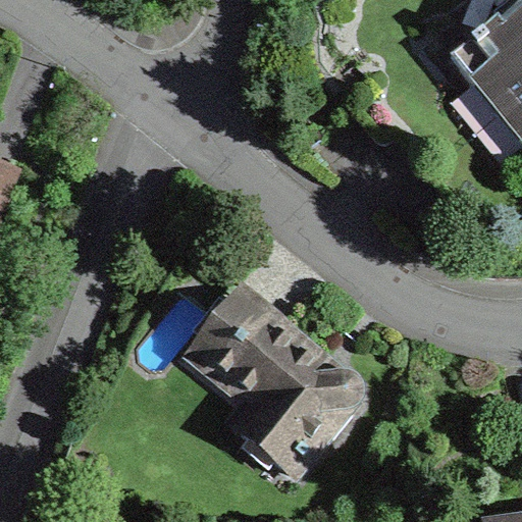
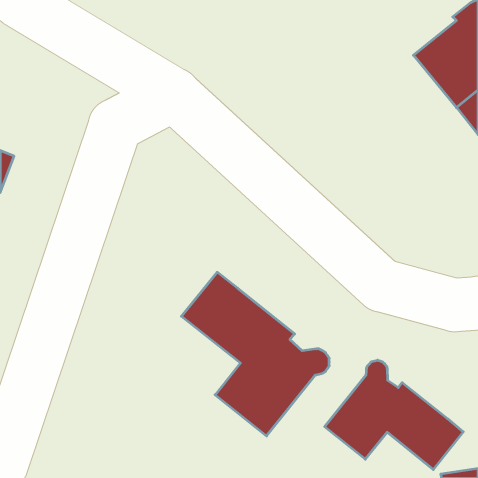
building: none -> [325,360,463,470]

